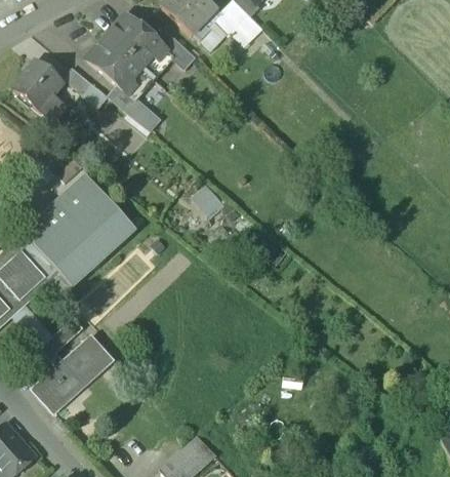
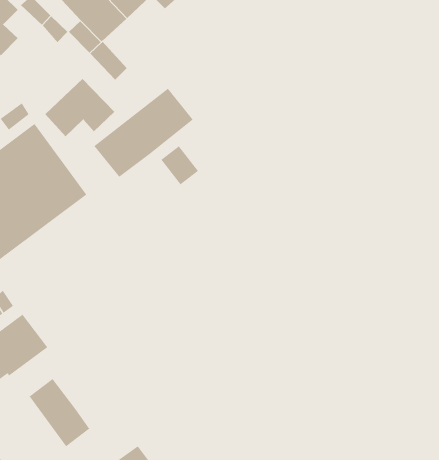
building: none -> [45,78,115,137]
building: none -> [94,88,194,178]
building: none -> [29,378,90,447]

